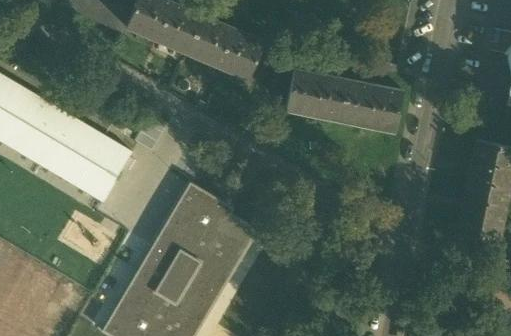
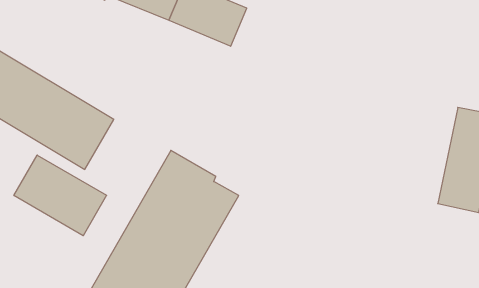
building: [287,69,403,131] -> none
building: none -> [14,155,107,236]

